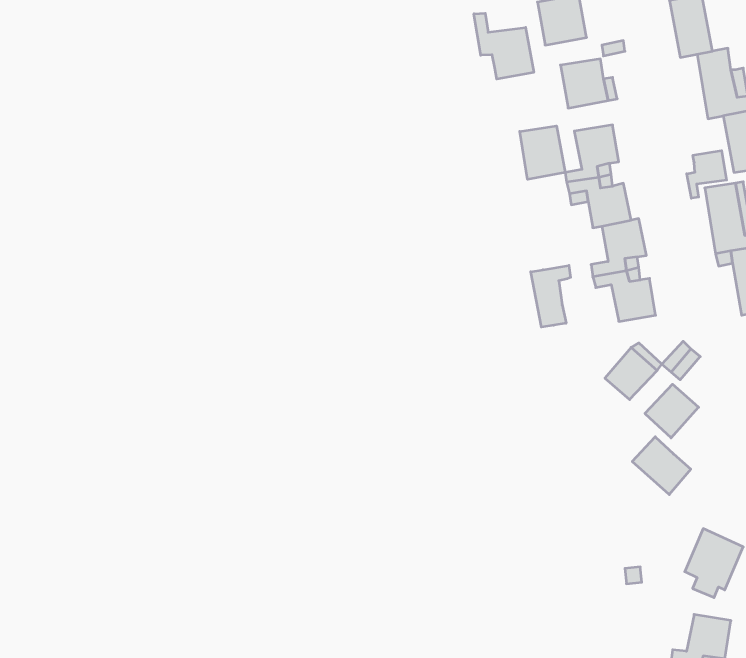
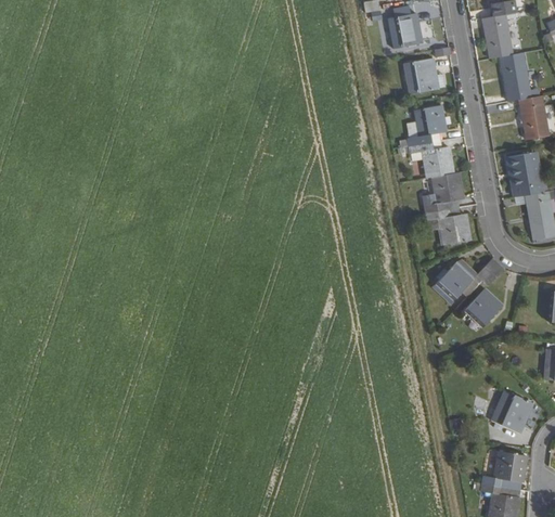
building: [474,13,534,79] -> none
building: [520,126,565,179] -> none
building: [687,151,727,198] -> none
building: [531,265,571,327] -> none
building: [632,437,691,495] -> none

